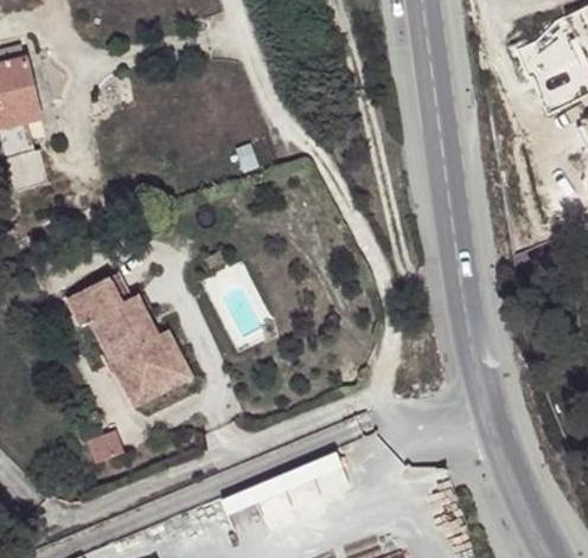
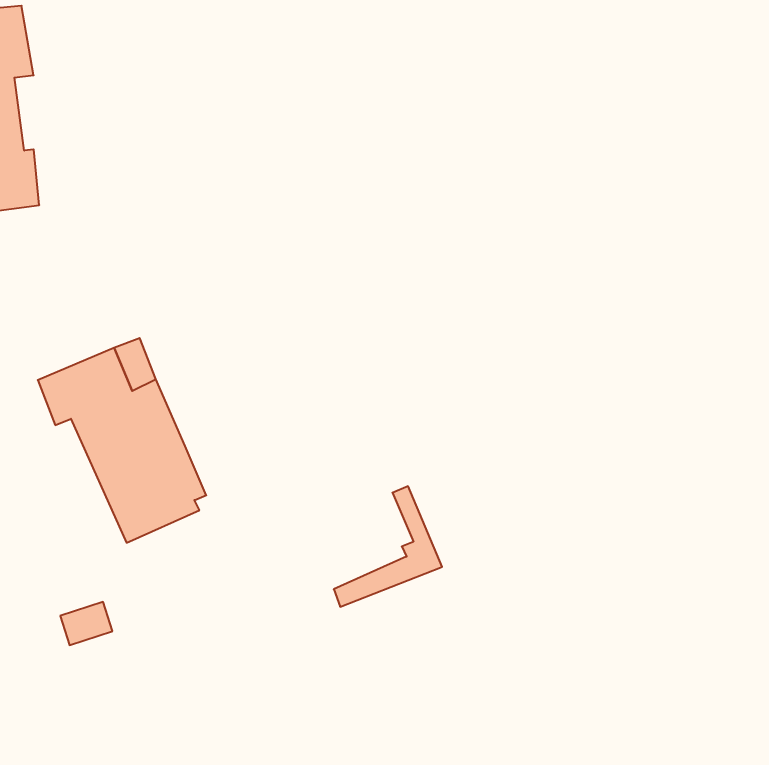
building: [126,325,192,403] -> [334,486,442,607]

